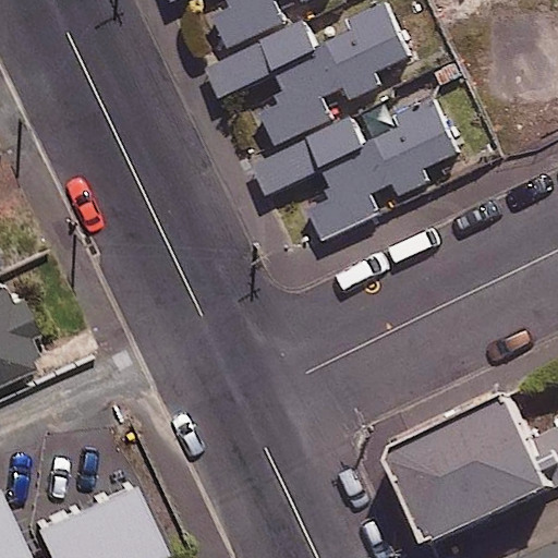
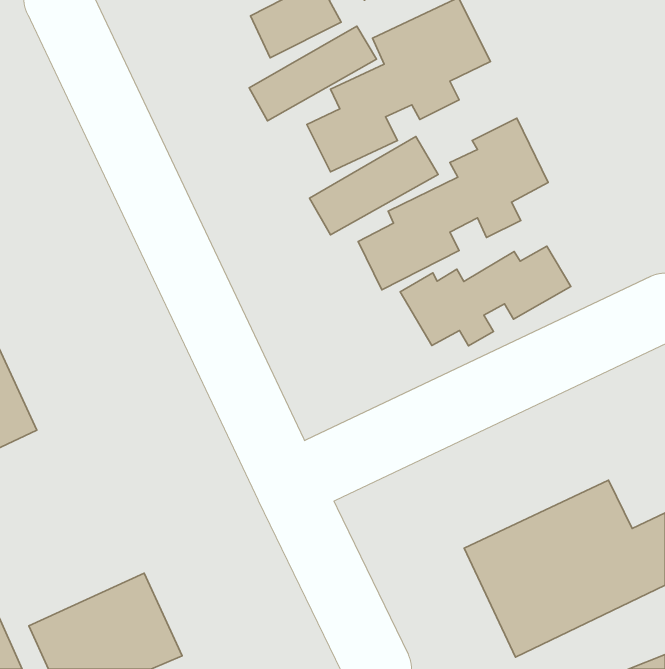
building: none -> [400,246,571,346]

